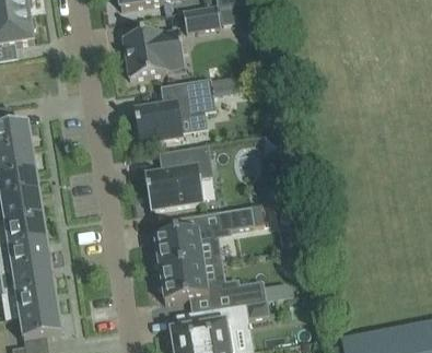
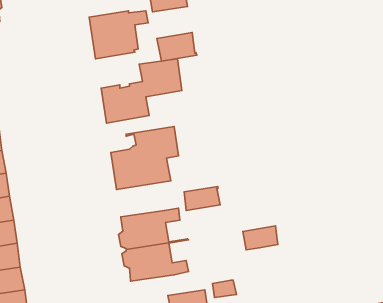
building: none -> [157,32,197,61]
building: [230,281,265,305] -> [243,226,278,250]

